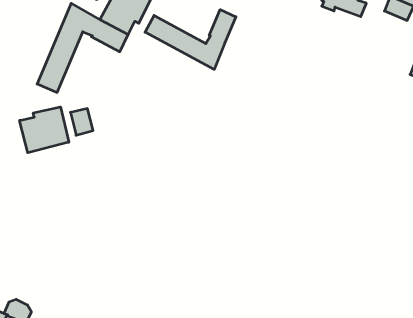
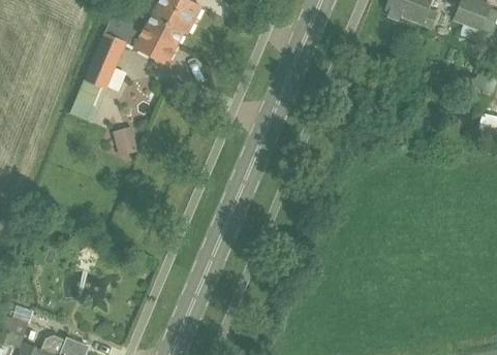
building: [145,10,236,69] -> none
building: [20,107,69,153] -> none

